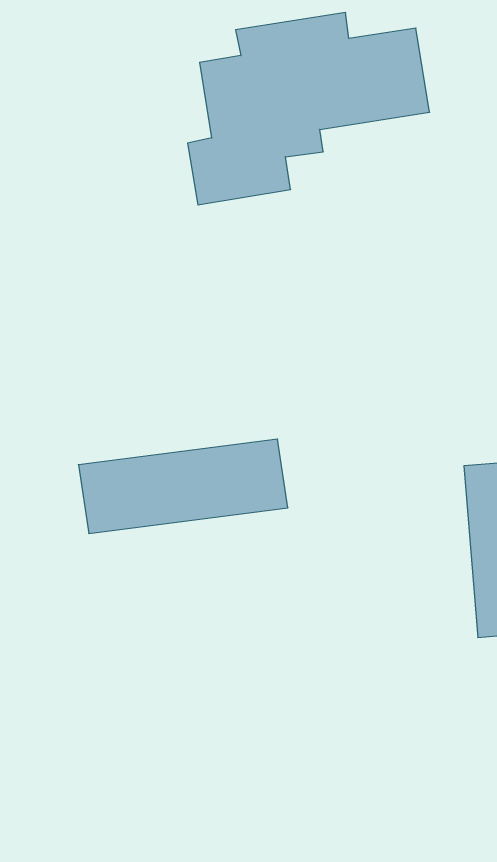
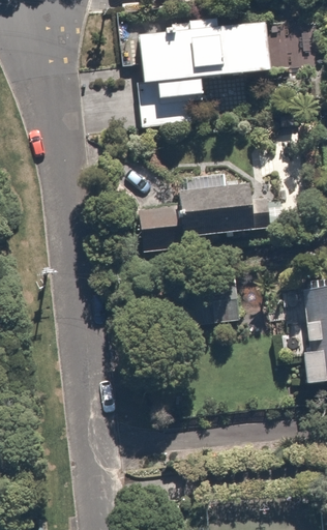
building: [78,439,288,533] -> [137,185,263,242]

